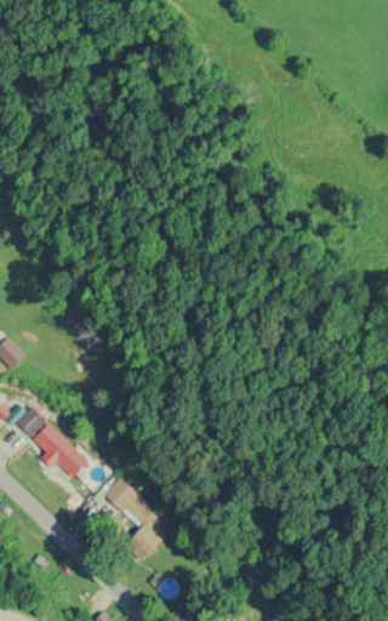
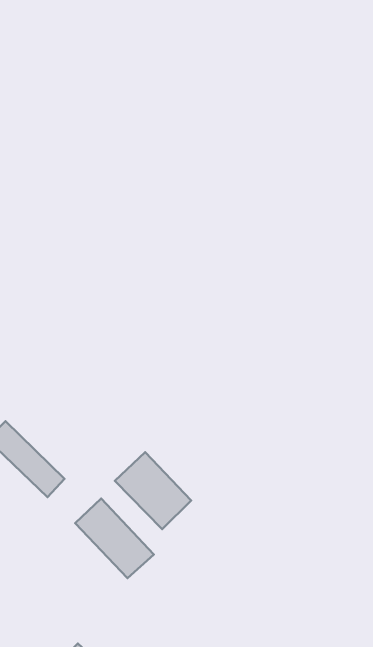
building: none -> [115,452,191,529]

